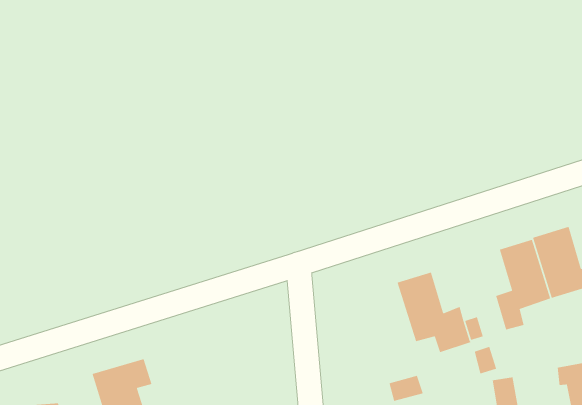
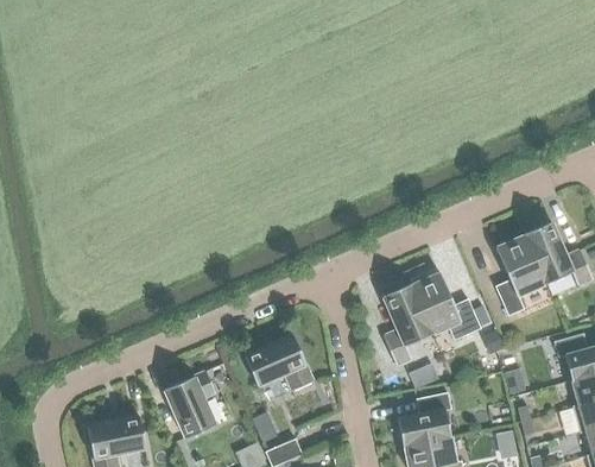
building: none -> [382,283,433,365]
building: none -> [243,334,314,391]

